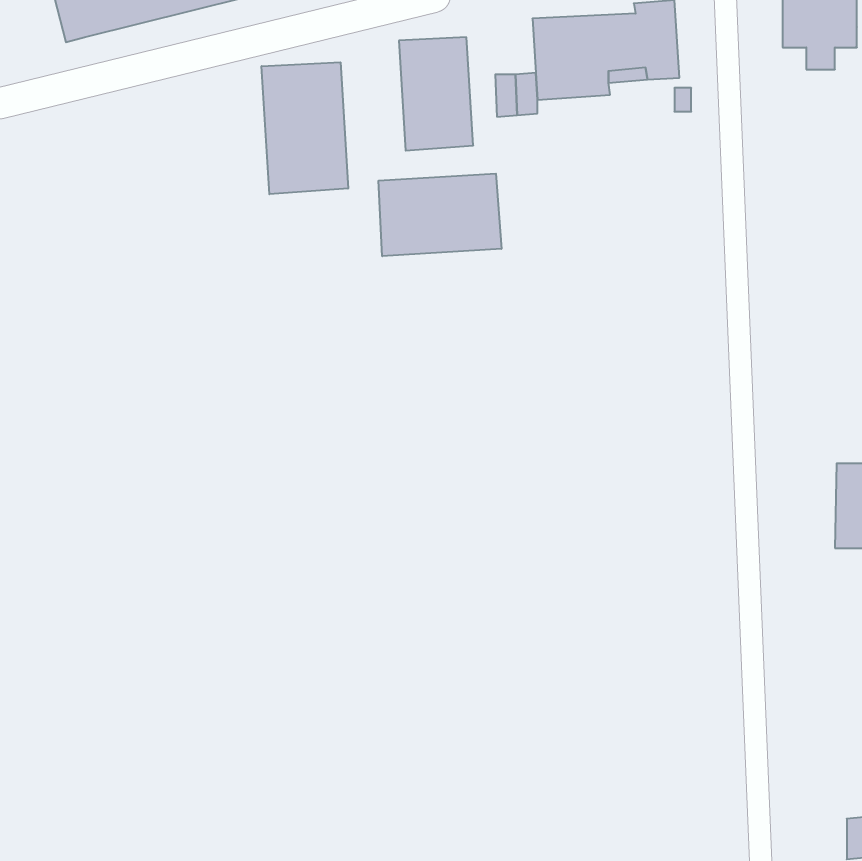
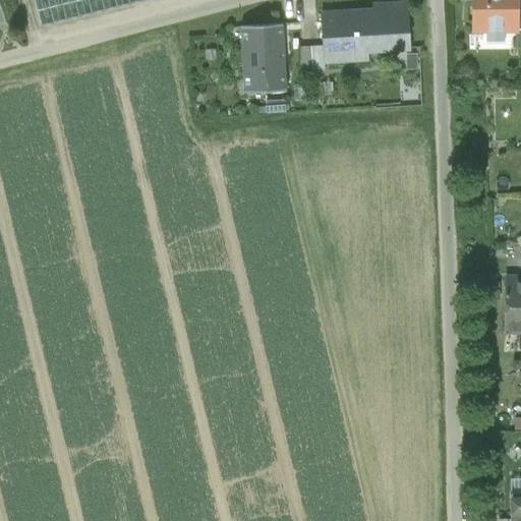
building: [262,62,348,194] -> none
building: [379,174,501,256] -> none

